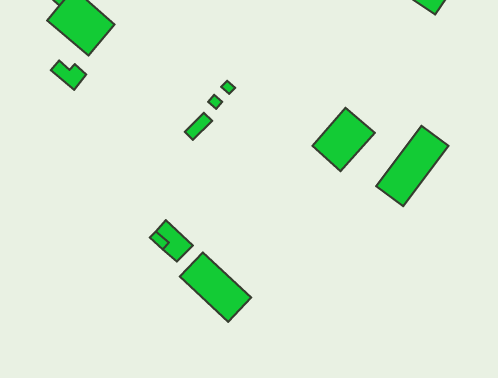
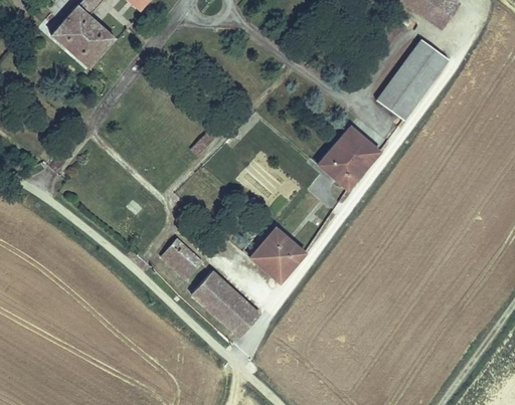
building: [51,60,86,90] -> none
building: [376,126,449,206] -> [378,36,451,117]
building: none -> [252,227,307,281]

